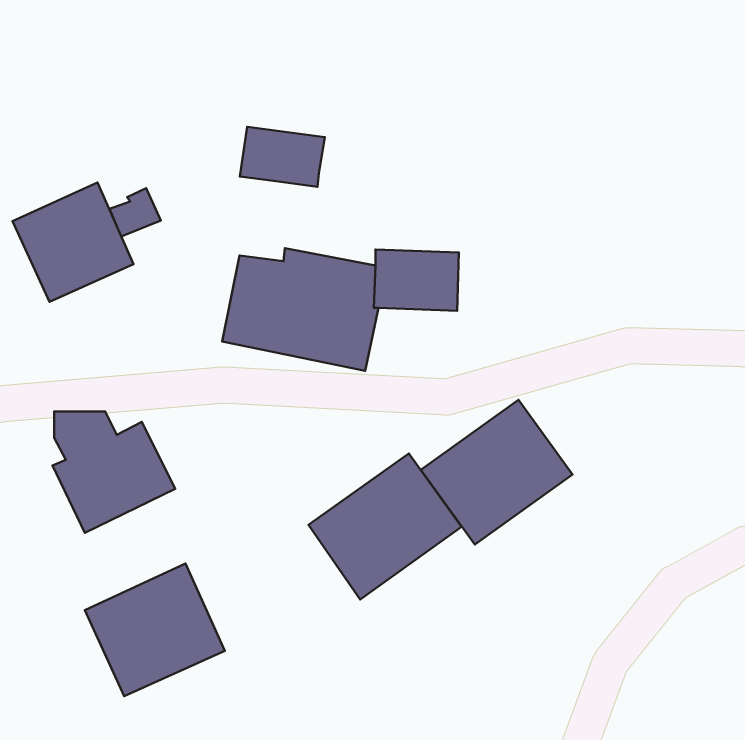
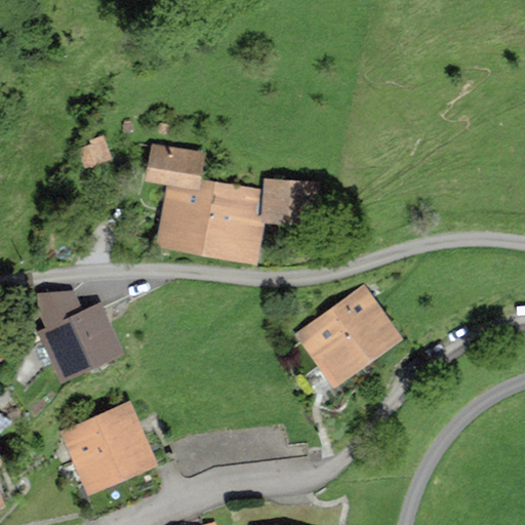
building: [240,127,325,187] -> [145,146,204,188]
building: [13,182,133,302] -> none
building: [309,454,462,600] -> none

